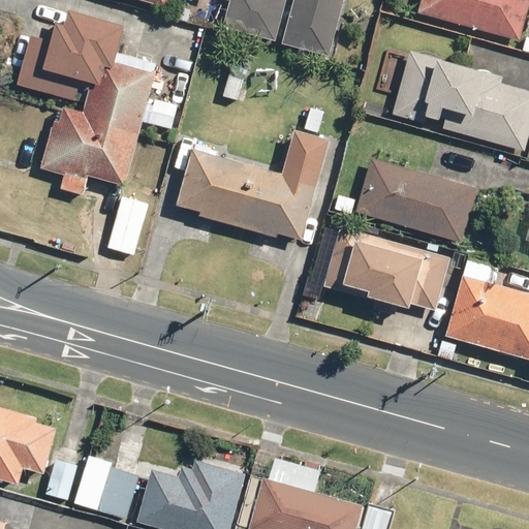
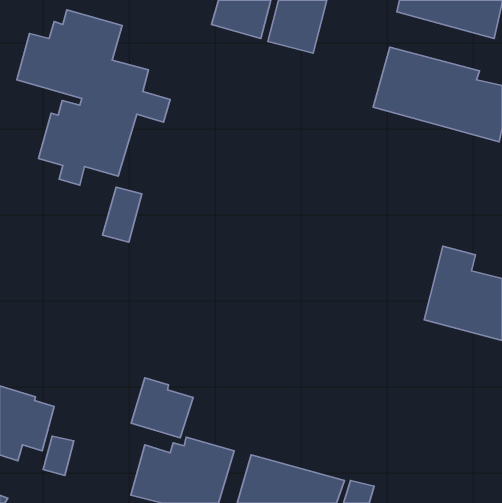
building: [178,129,329,239] -> none
building: [355,157,477,241] -> none
building: [322,225,450,310] -> none
building: [74,454,139,517] -> [131,378,193,438]

